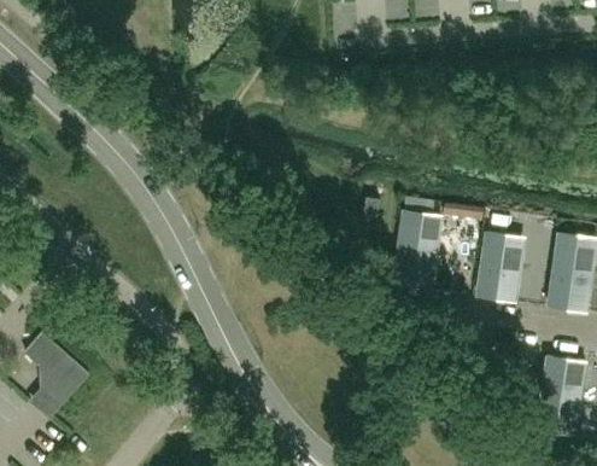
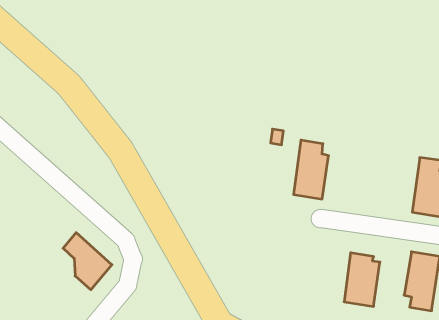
building: [476,232,523,302] -> [344,253,380,306]
building: [25,331,89,406] -> [63,233,112,290]

